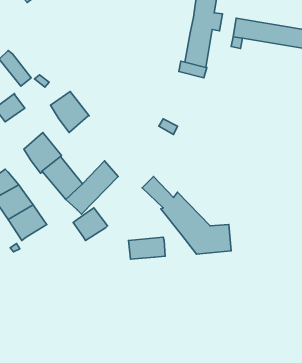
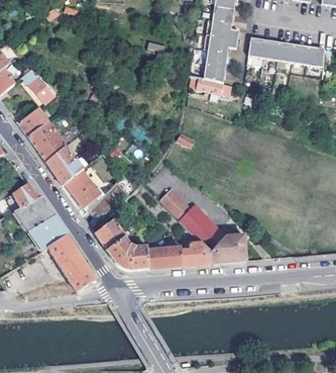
building: [50,92,89,132] -> [27,123,65,163]
building: none -> [47,236,95,291]
building: none -> [105,239,148,270]
building: none -> [181,245,212,266]

